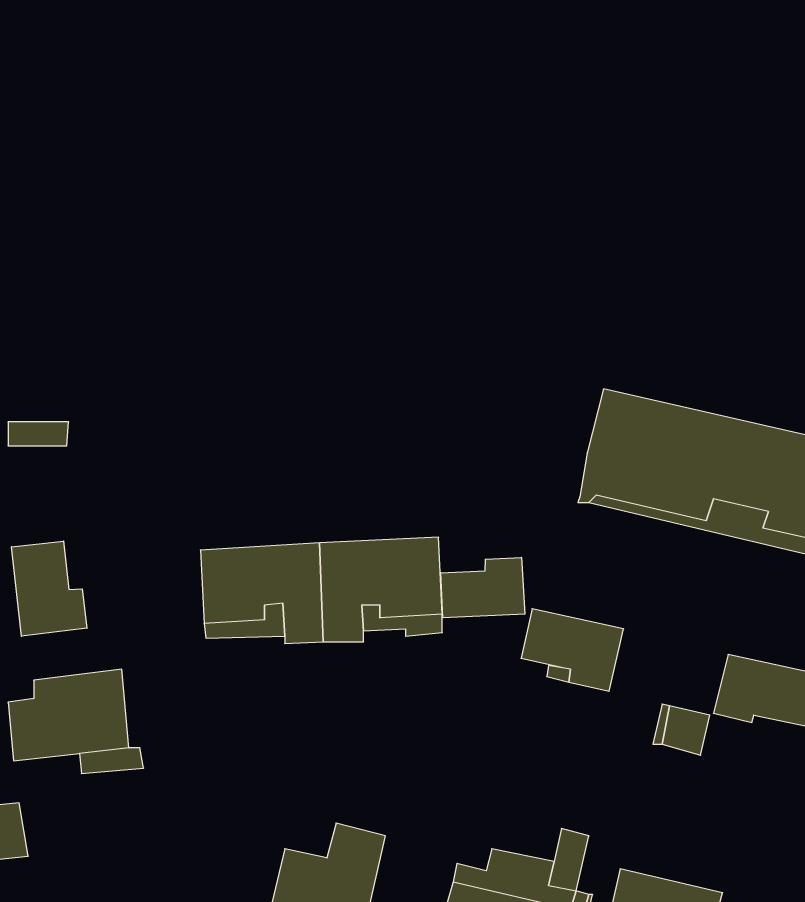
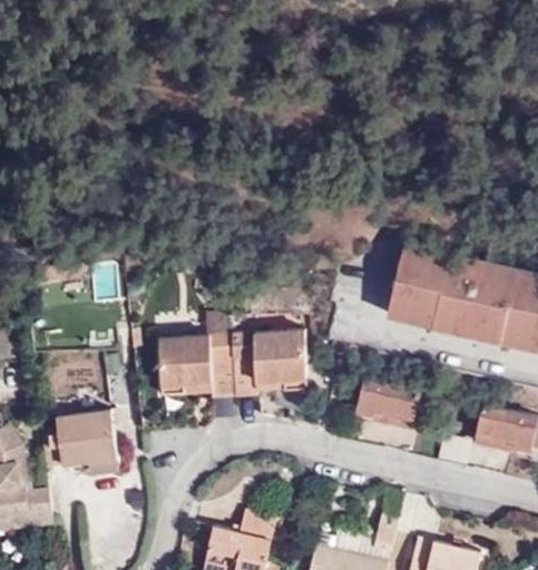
building: [12,541,87,636] -> none
building: [441,557,525,618] -> none

